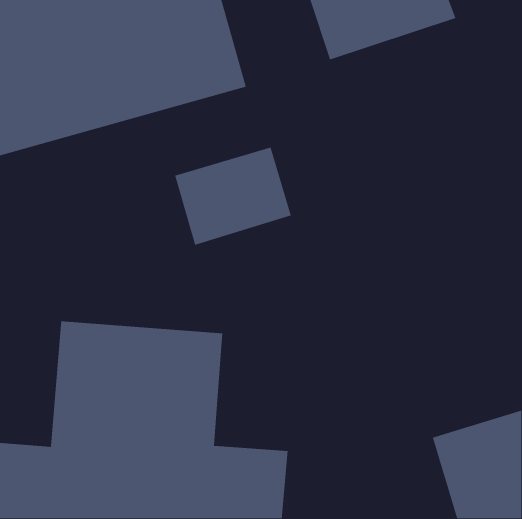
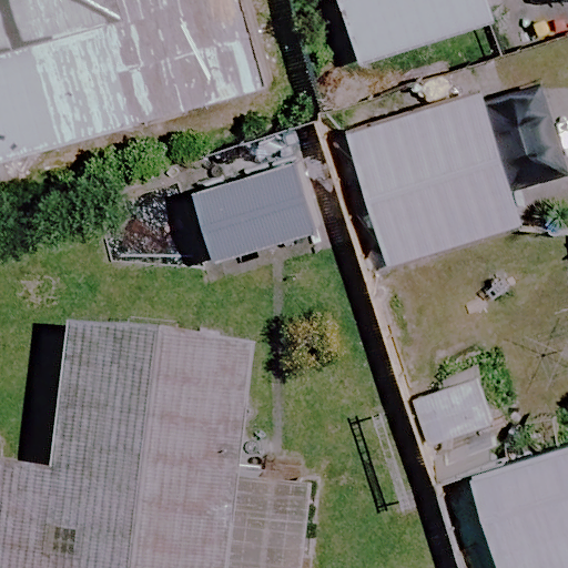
building: none -> [346,90,523,266]

